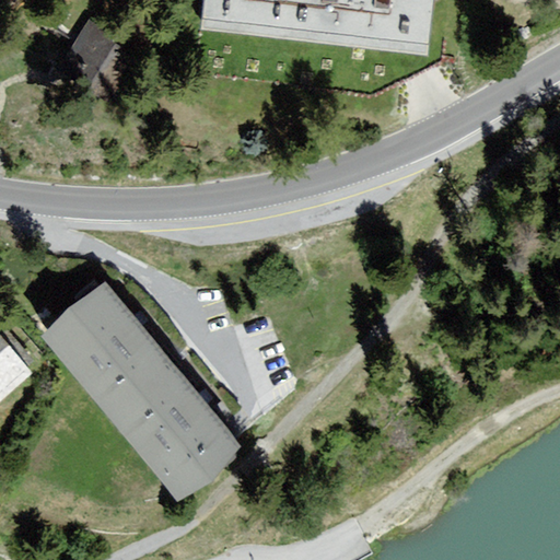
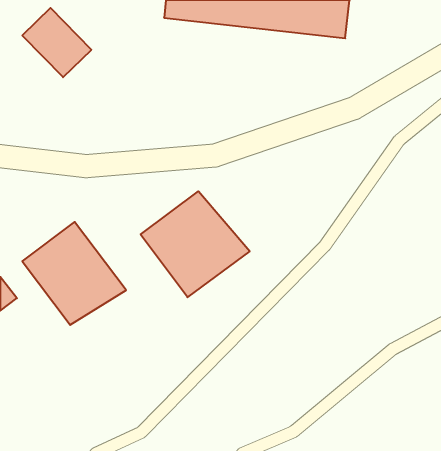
building: none -> [141,191,250,297]
building: [102,361,236,498] -> none

